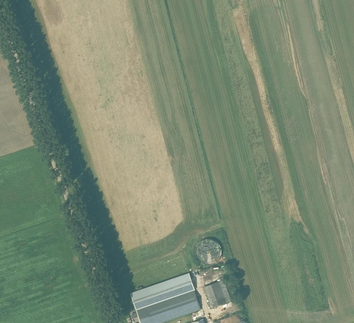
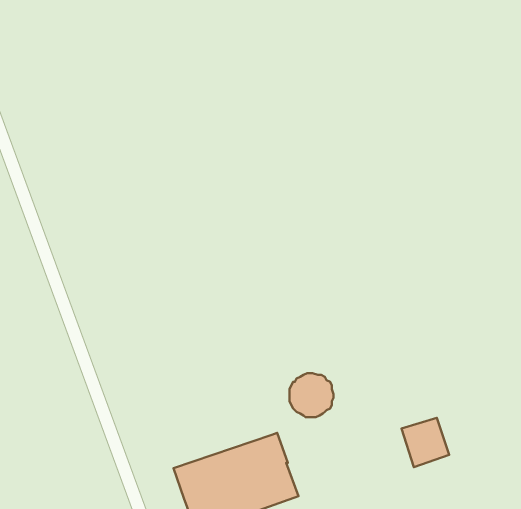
building: [204,281,231,309] -> [402,418,449,467]

